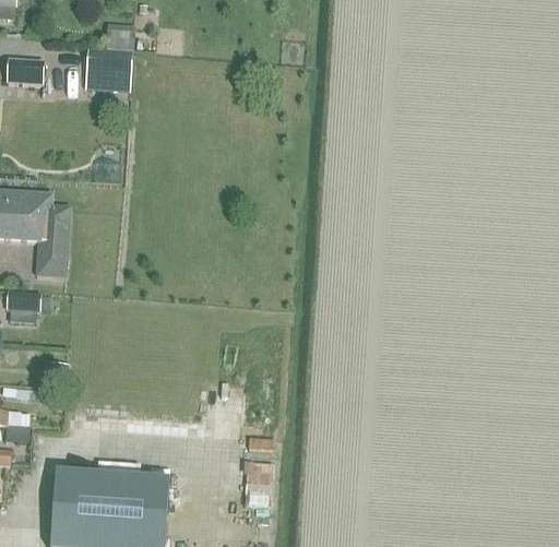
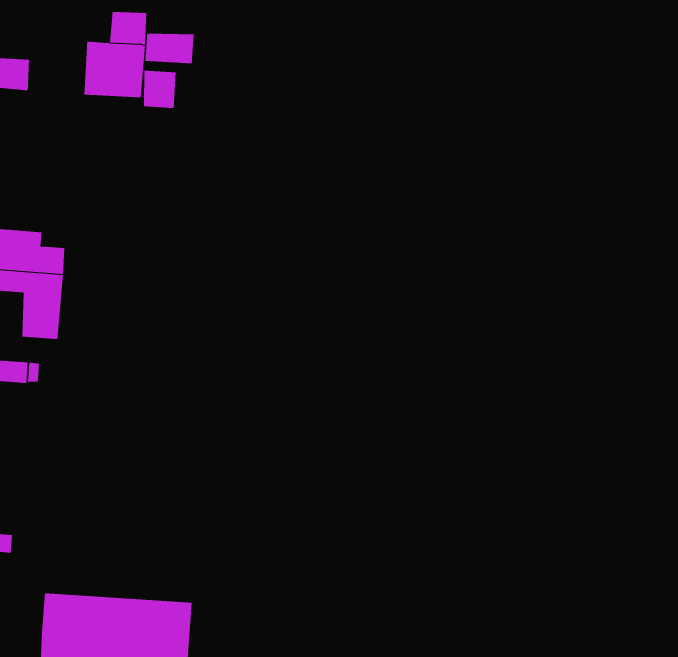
building: none -> [145,33,194,64]
building: none -> [143,70,176,109]

